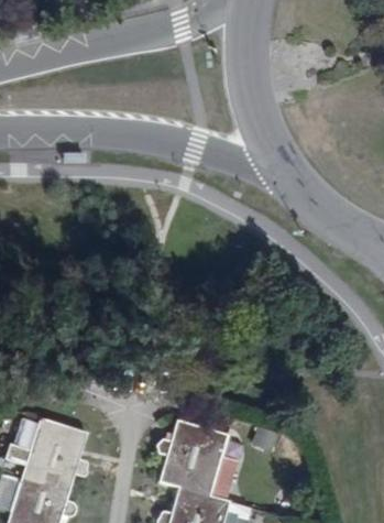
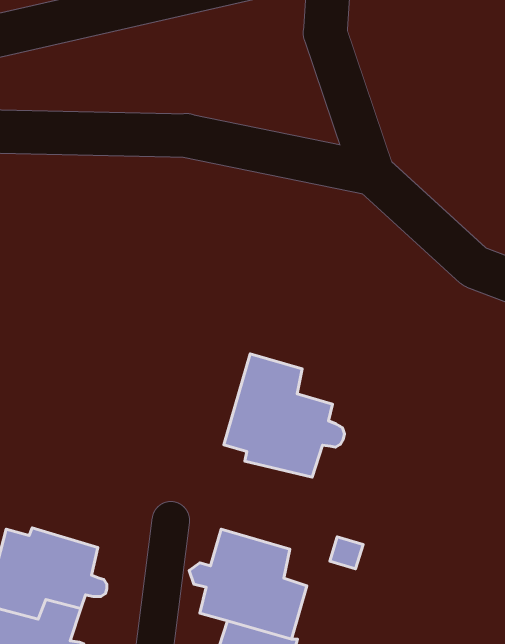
building: none -> [224,354,345,477]

